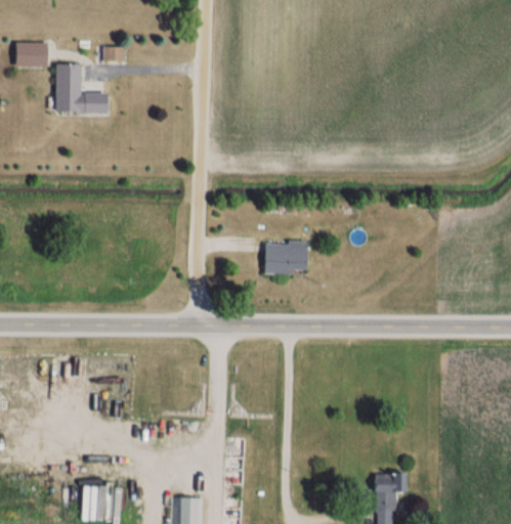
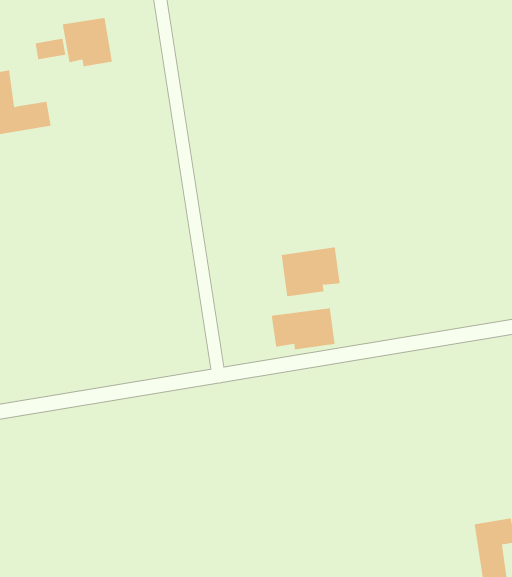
building: none -> [62,17,113,67]
building: none -> [271,307,335,350]

